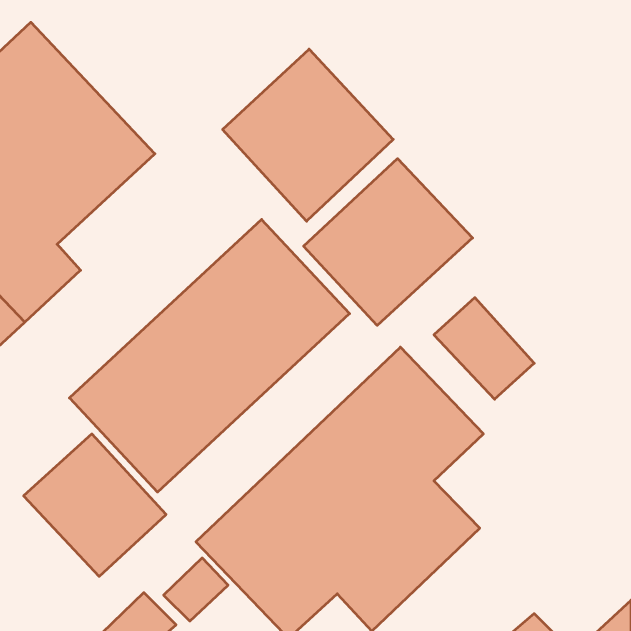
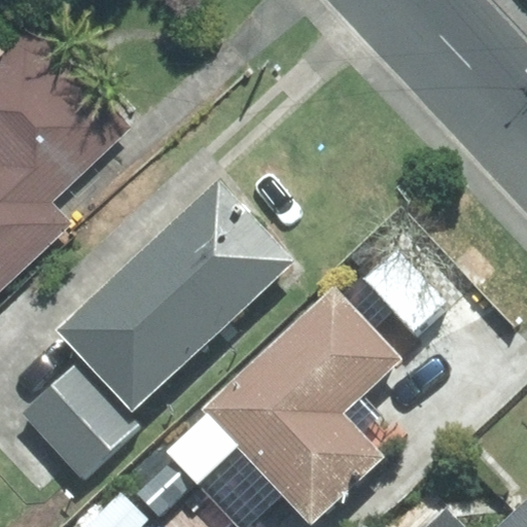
building: [223,49,393,221] -> none
building: [304,159,473,325] -> none

